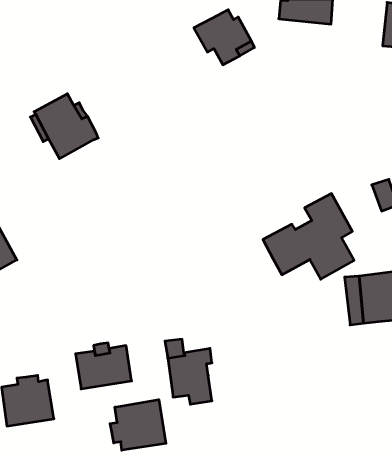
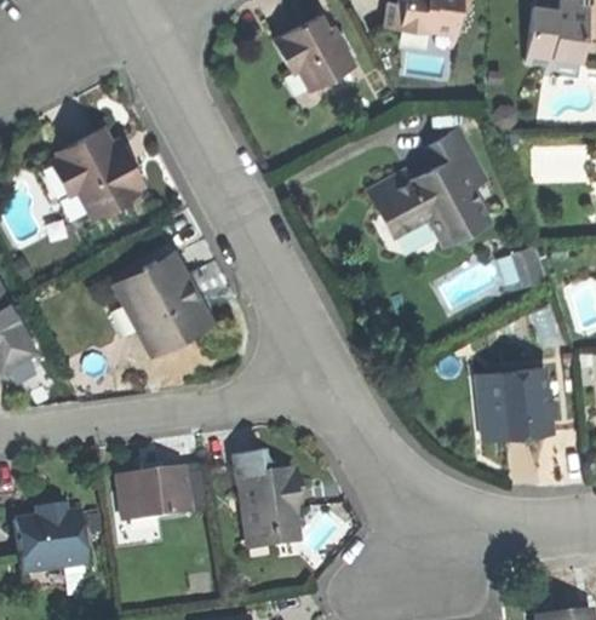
building: none -> [121,257,208,355]
building: [263,194,354,279] -> [368,128,491,243]
building: [110,400,166,450] -> none

